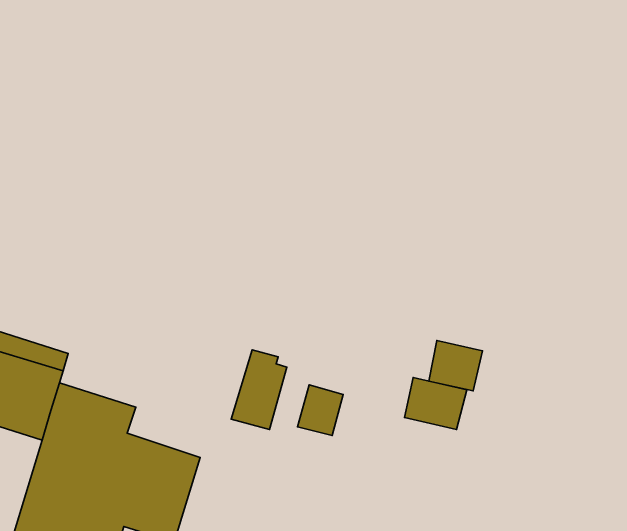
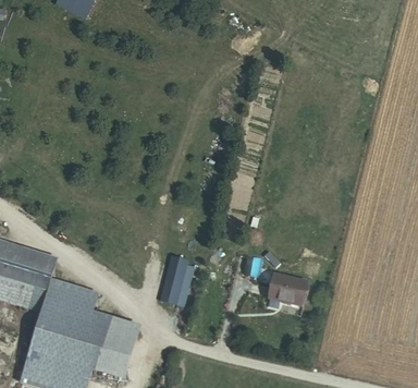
building: [429,341,483,391] -> none
building: [298,385,343,435] -> none

